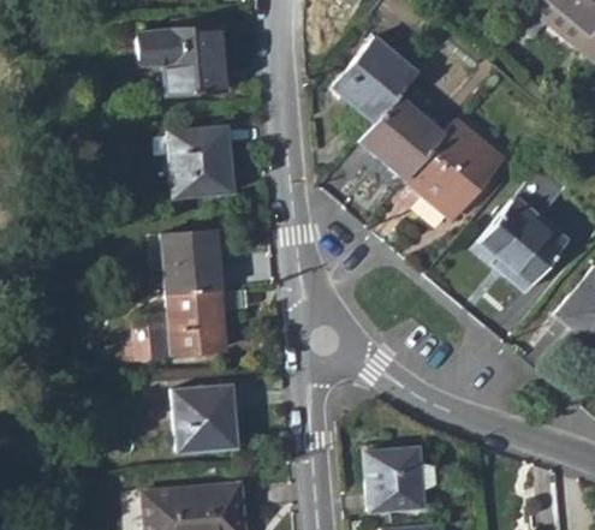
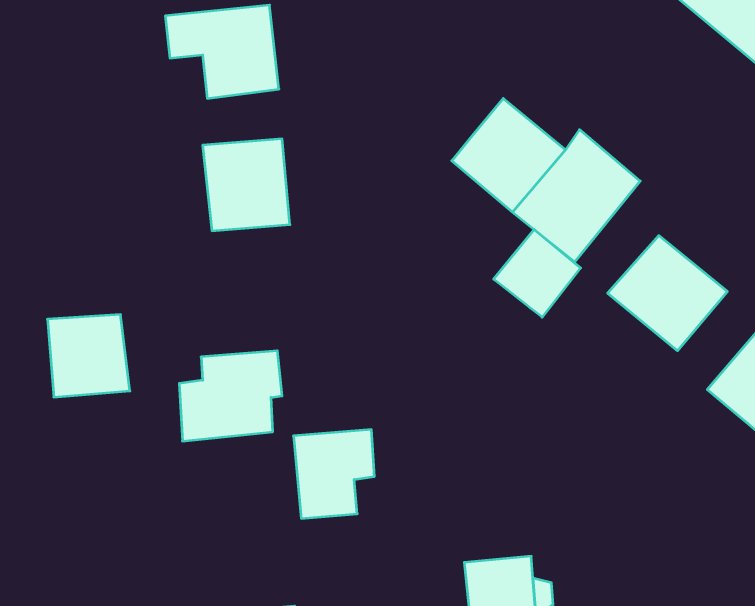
building: [334,36,417,123] -> none
building: none -> [494,229,581,317]
building: [160,230,224,293] -> [47,315,130,397]
building: [168,385,231,453] -> [293,430,374,518]

